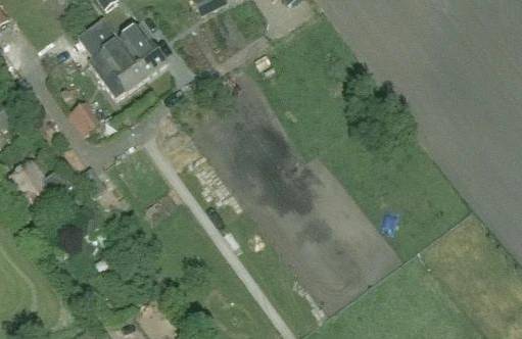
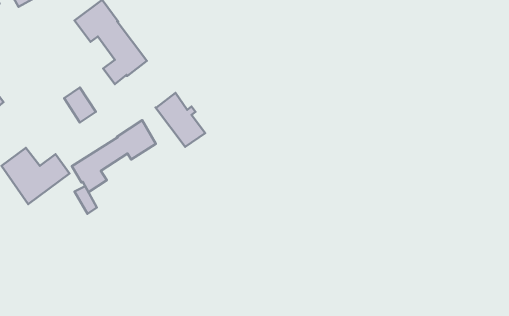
building: [118,23,167,76] -> [155,93,205,147]
building: none -> [72,120,156,192]

